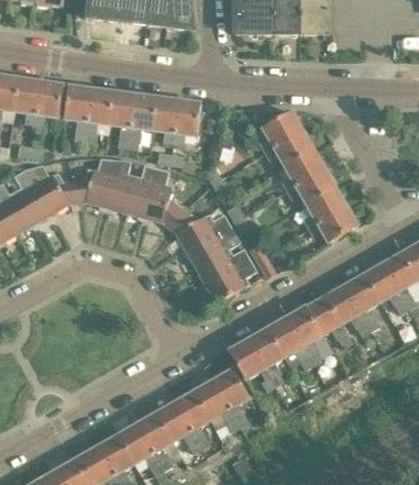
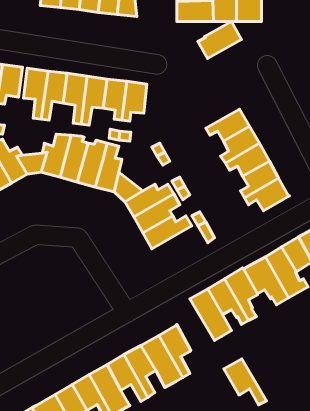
building: [254,110,302,151] -> [198,21,242,58]
building: [206,258,256,301] -> none
building: [228,339,275,389] -> [224,359,267,405]

